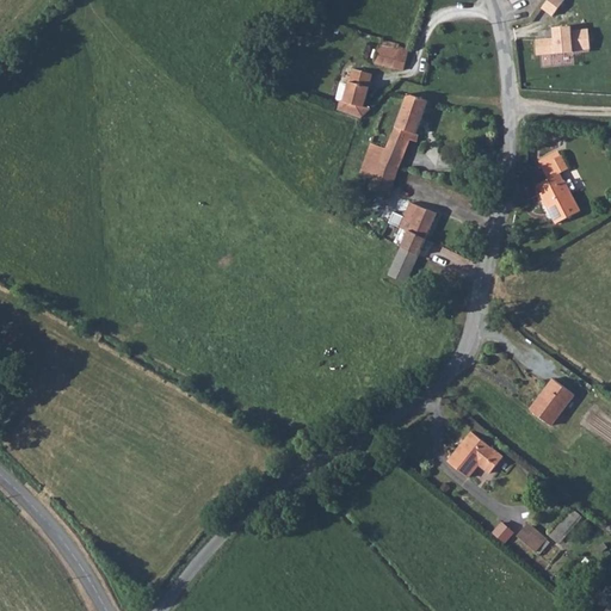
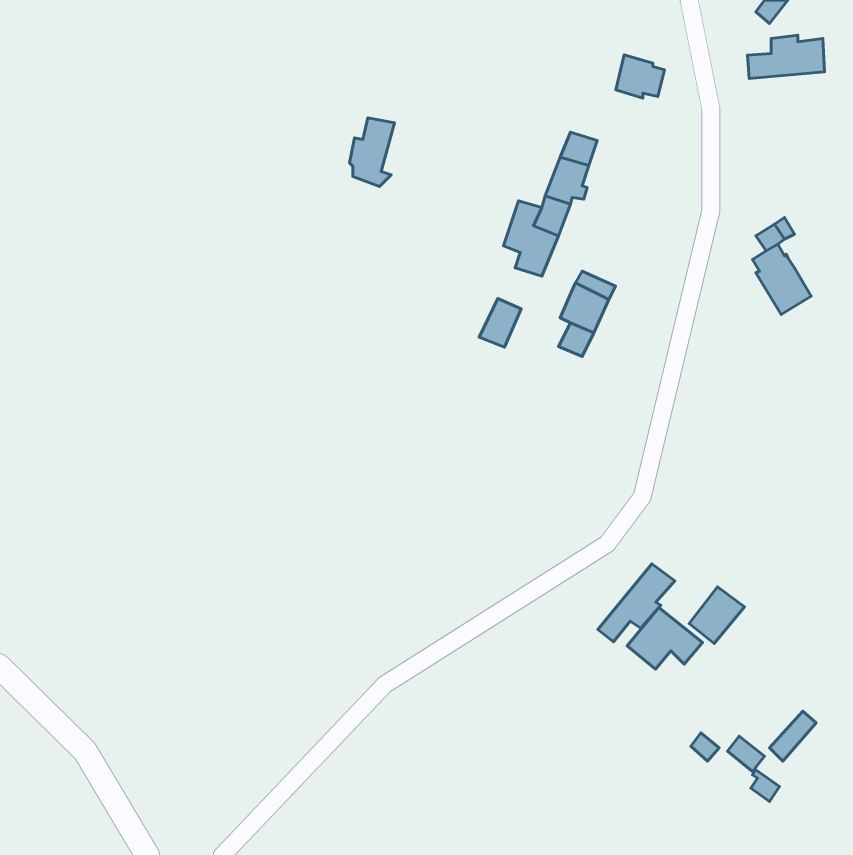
building: [374,39,408,70] -> [616,55,664,98]
building: [339,69,371,118] -> [349,118,395,186]
building: [385,247,415,282] -> [479,299,521,347]
building: [531,383,570,424] -> [689,587,744,644]
building: none -> [598,564,675,642]

